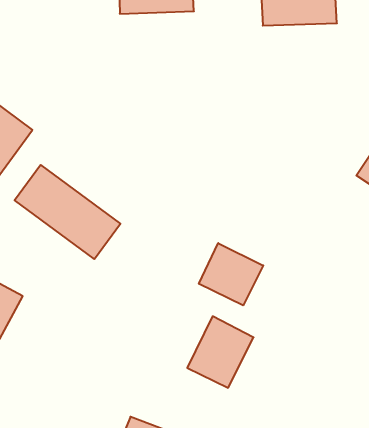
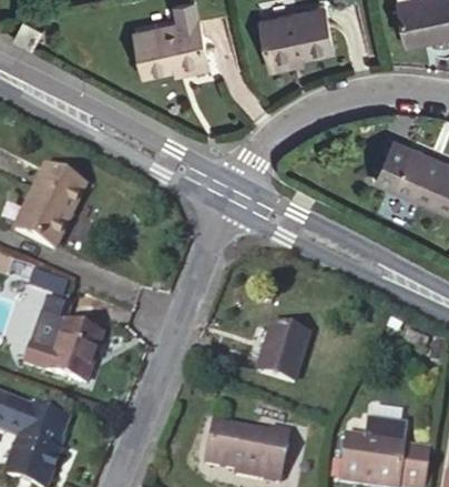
building: [15,165,120,259] -> none
building: [199,243,263,305] -> none

